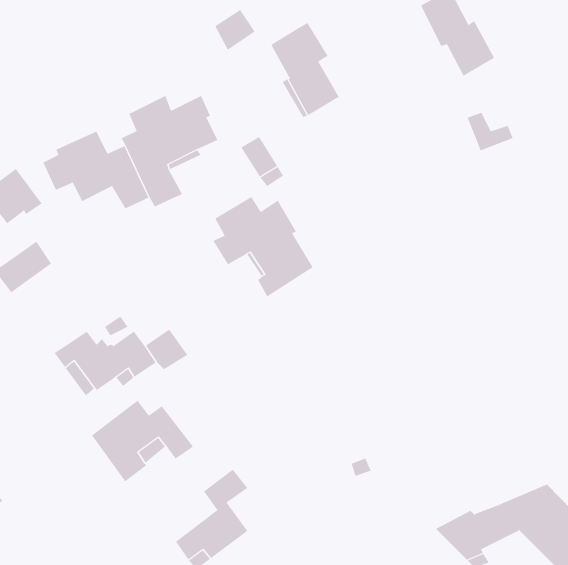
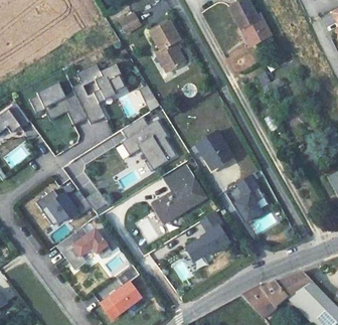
building: none -> [197,132,232,168]
building: none -> [154,166,206,223]
building: none -> [235,172,265,221]
building: none -> [185,210,227,260]

